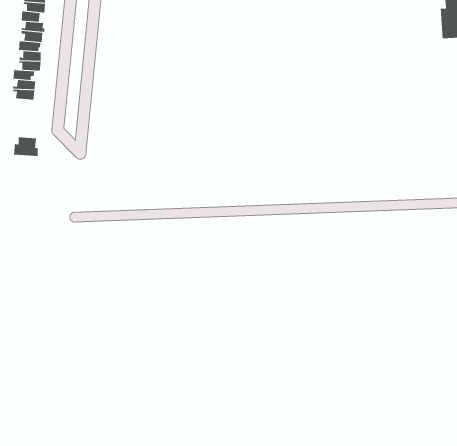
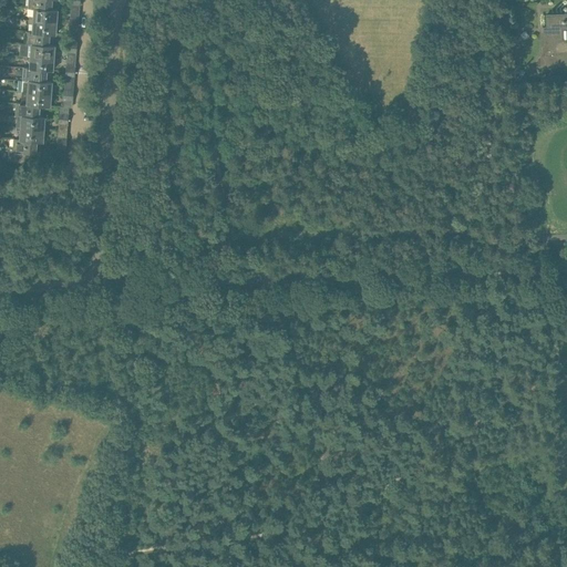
building: [13,137,41,157] -> [12,121,47,145]

